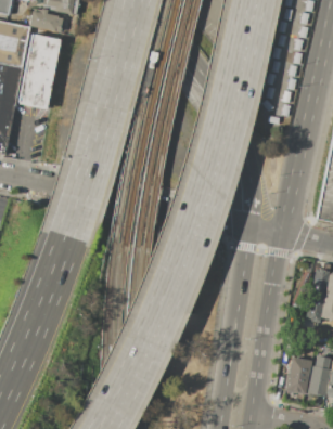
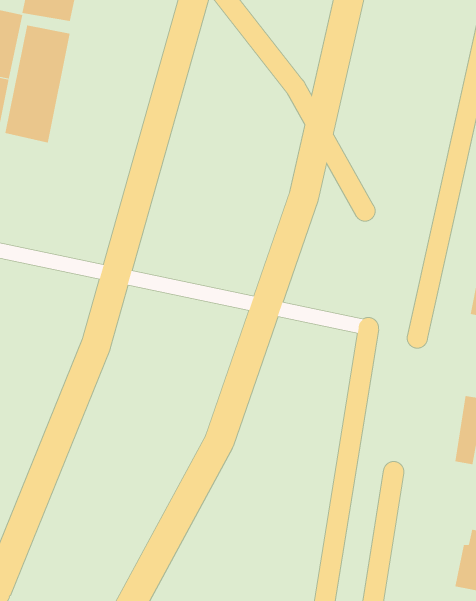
building: [285,356,311,394] -> none

